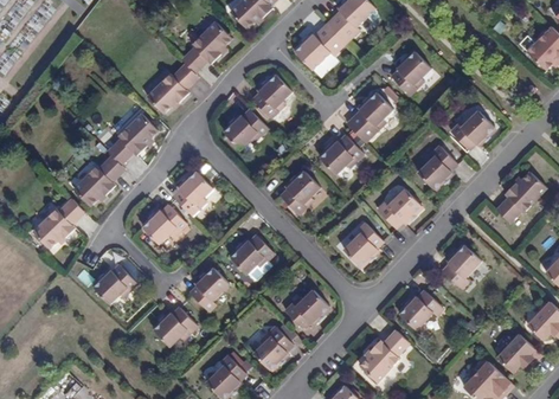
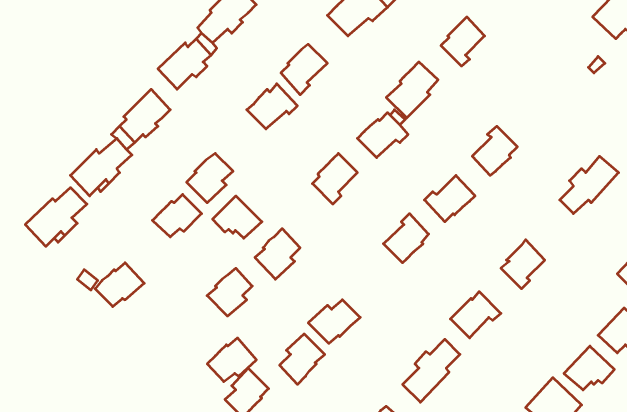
building: [451,110,495,150] -> none
building: none -> [213,196,262,238]
building: [153,308,195,346] -> [207,338,256,382]

